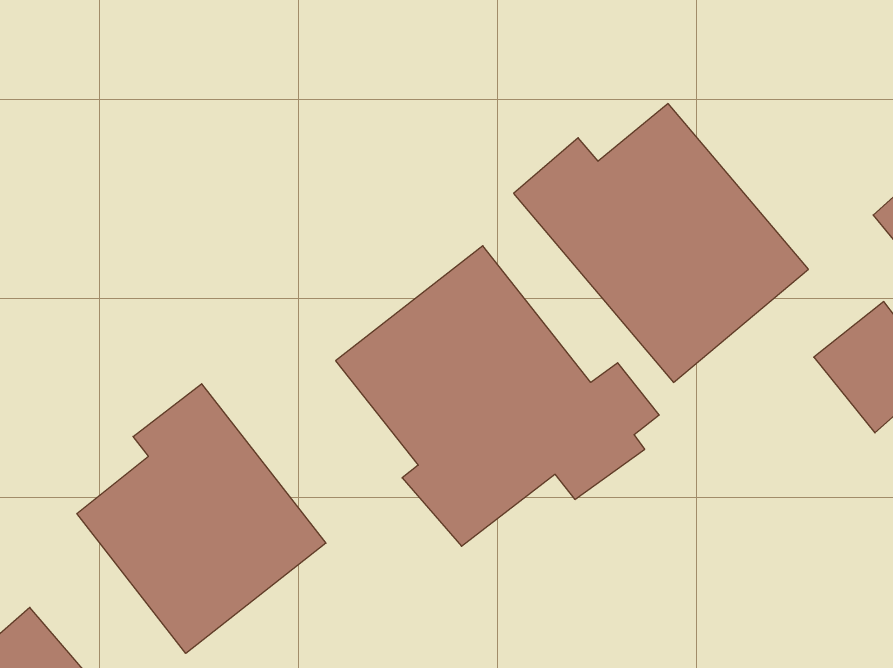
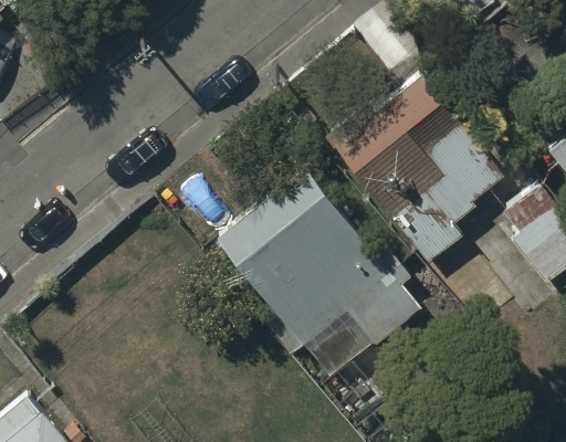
building: [77,384,326,653] -> none

